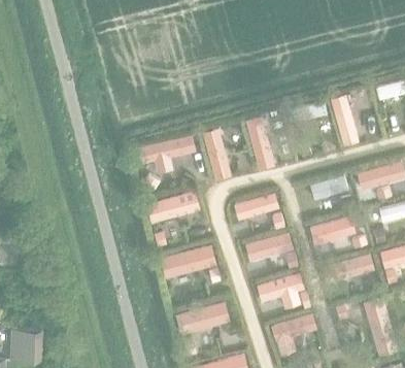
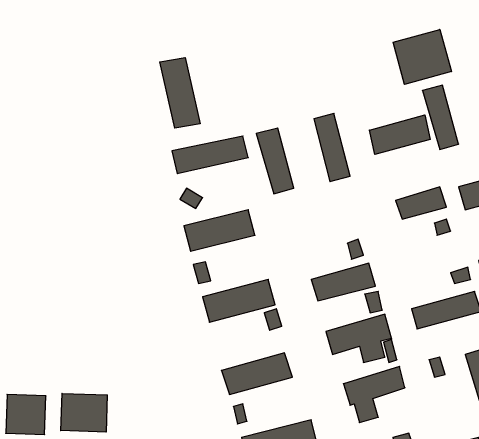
building: none -> [393,29,451,84]
building: none -> [160,58,200,128]
building: none -> [369,115,430,154]
building: [234,192,279,220] -> none
building: [310,215,356,244] -> none
building: none -> [61,393,107,432]

